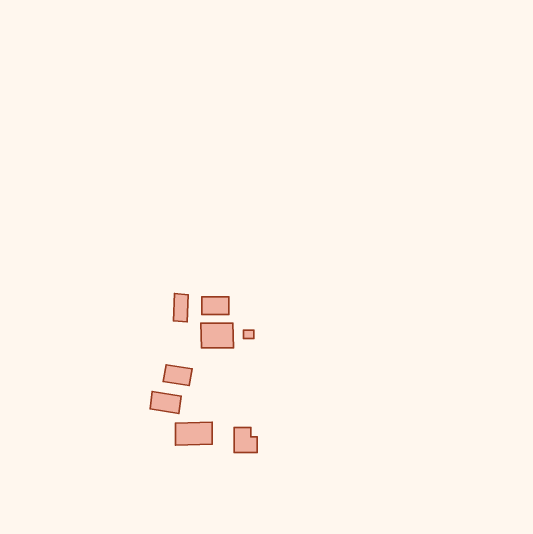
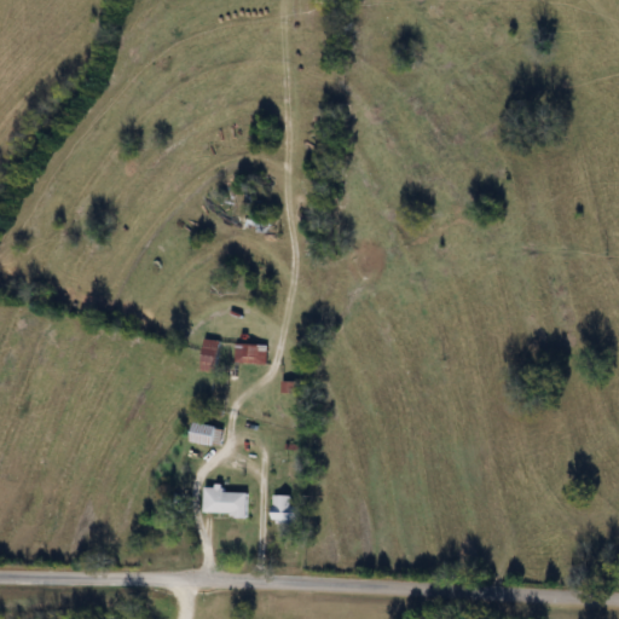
building: [201,323,233,348] -> none
building: [150,391,181,414] -> none

